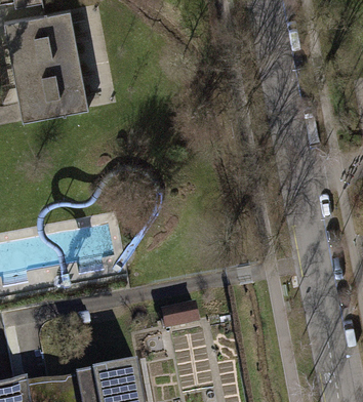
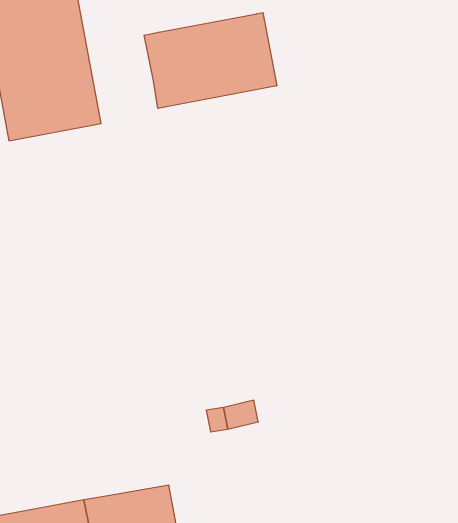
building: none -> [144,13,277,108]

